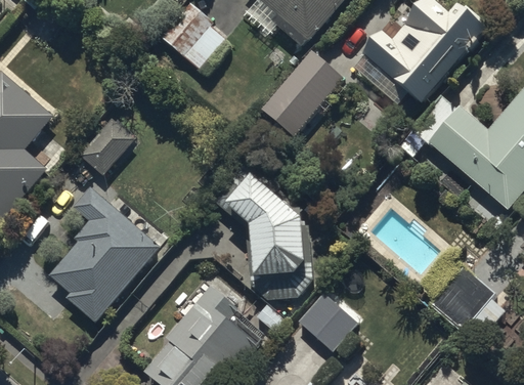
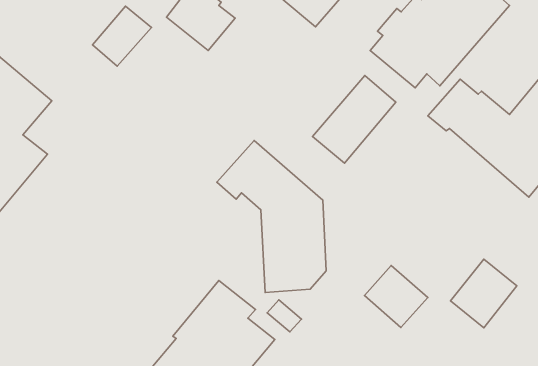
building: [262,50,342,134] -> [312,75,396,163]
building: [81,122,137,179] -> [92,6,151,66]
building: [51,185,164,324] -> none
building: [298,294,358,353] -> [364,265,428,328]

